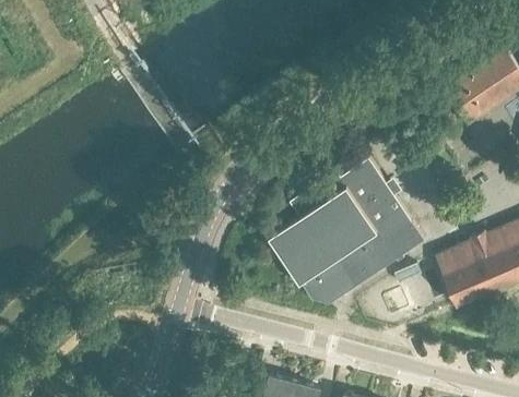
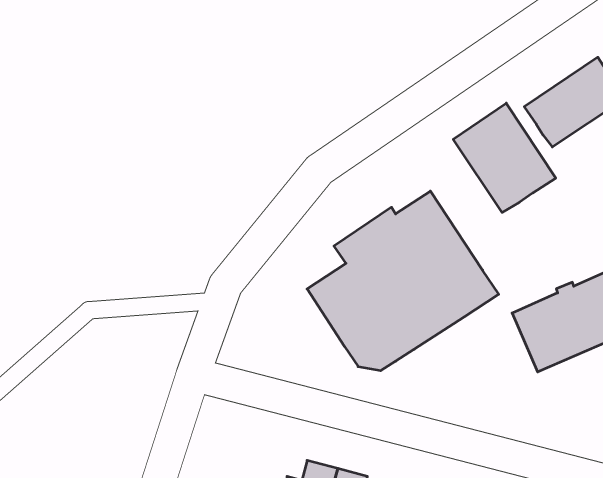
building: none -> [453,103,556,212]

